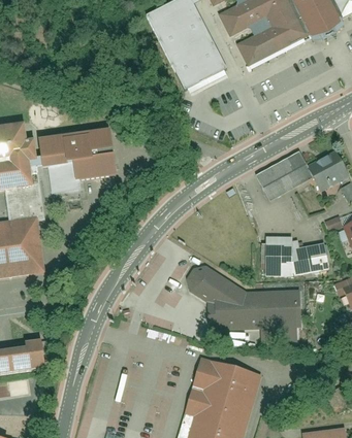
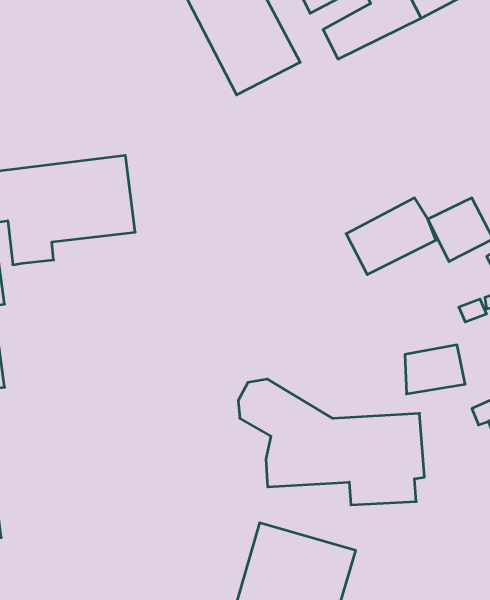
building: [265,238,292,276] -> none

